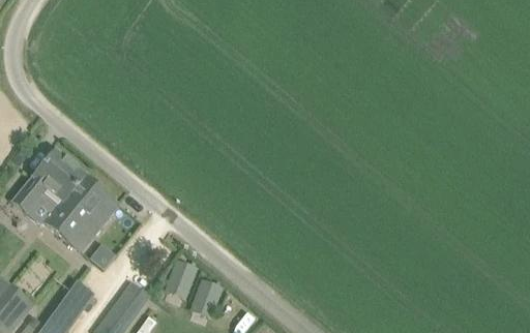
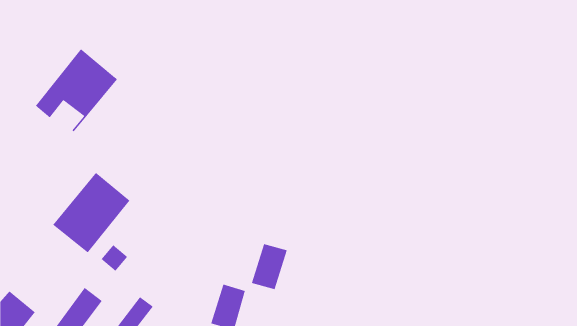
building: [12,150,87,225] -> [35,48,118,132]
building: [166,261,199,303] -> [251,243,288,290]

